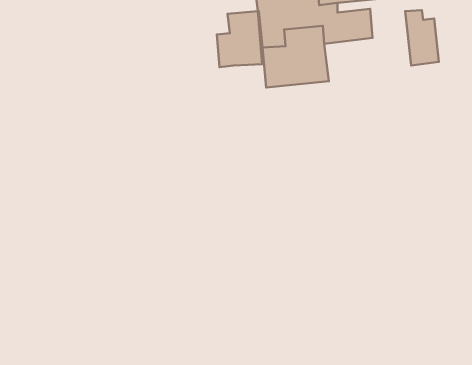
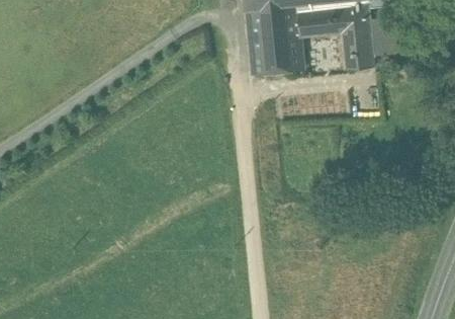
building: none -> [339,6,374,71]
building: [217,11,262,67] -> none

